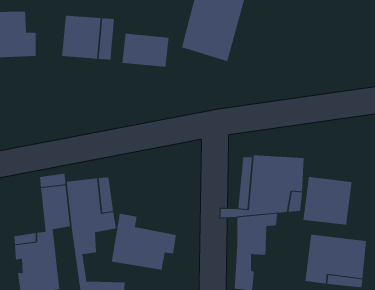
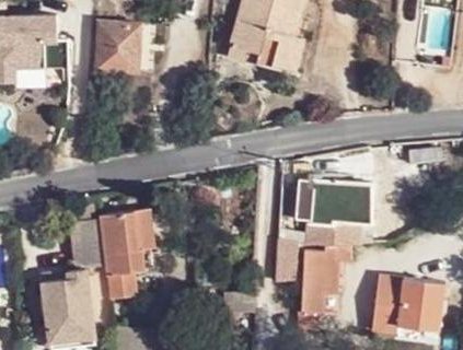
building: [122,33,169,67] -> none
building: [303,176,352,226] -> none
building: [111,213,177,270] -> none

